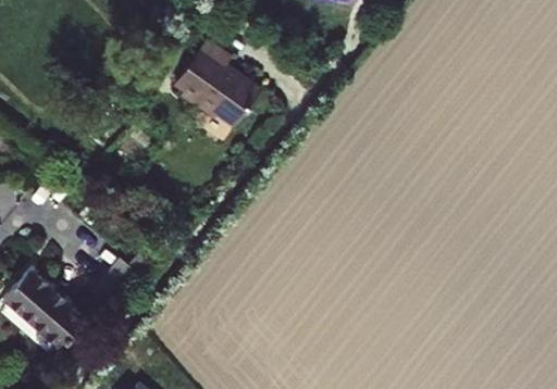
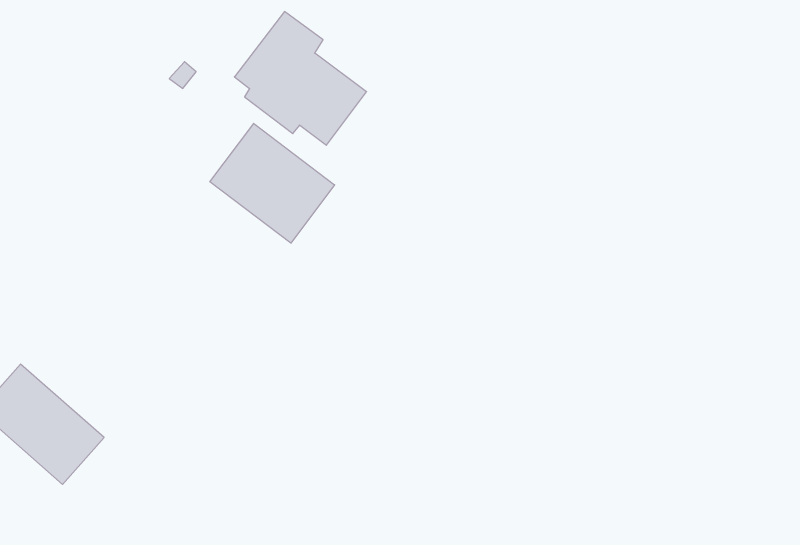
building: none -> [210,123,335,243]

